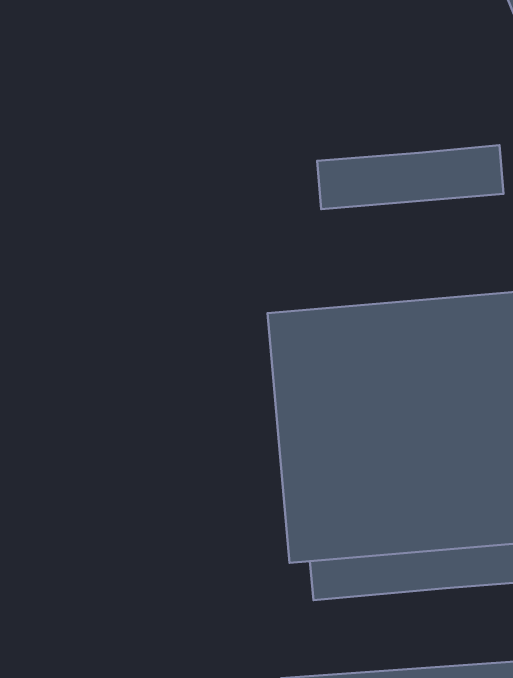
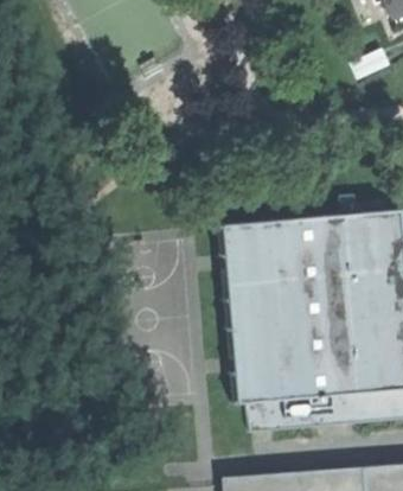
building: [317,145,503,209] -> none

